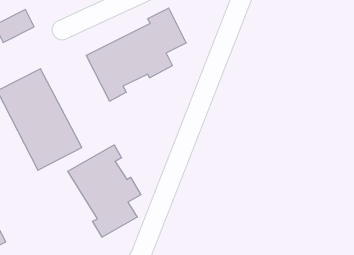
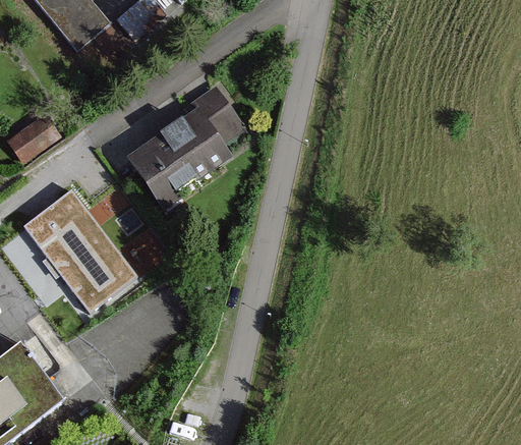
building: [68,145,141,237] -> none

